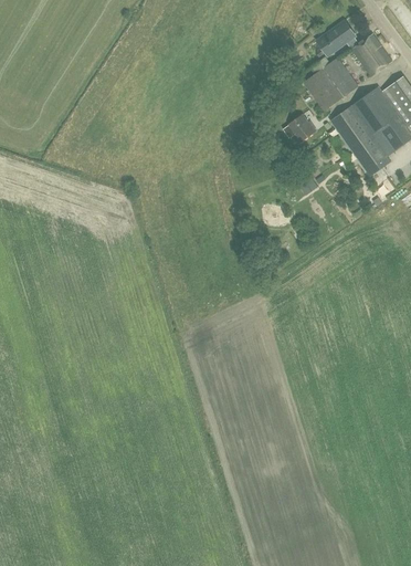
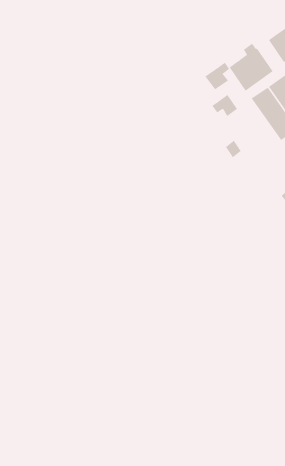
building: [324,20,359,50] -> none
building: none -> [205,62,230,90]

